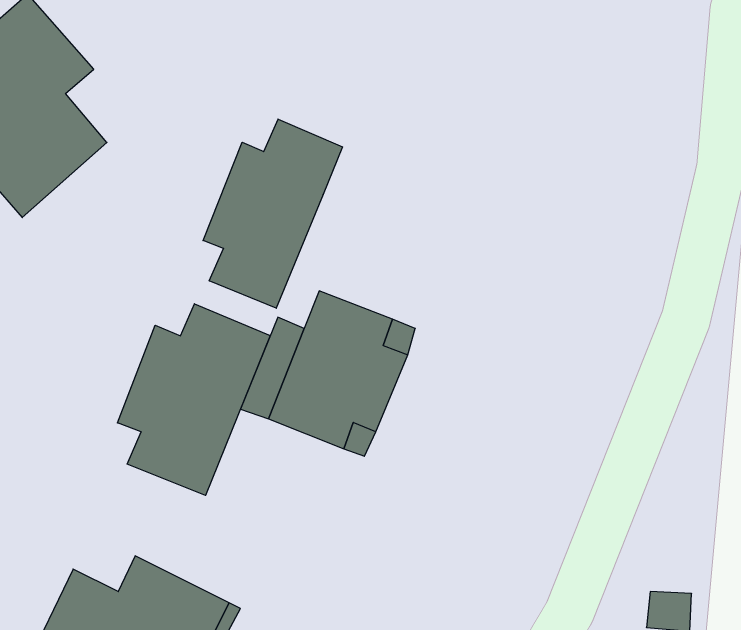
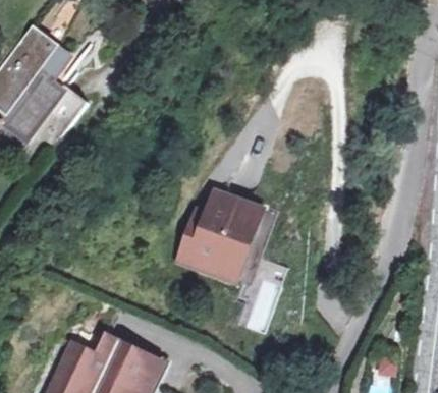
building: [203,119,342,308] -> none
building: [117,304,270,495] -> none

